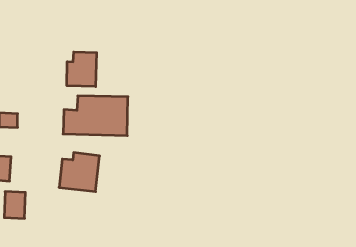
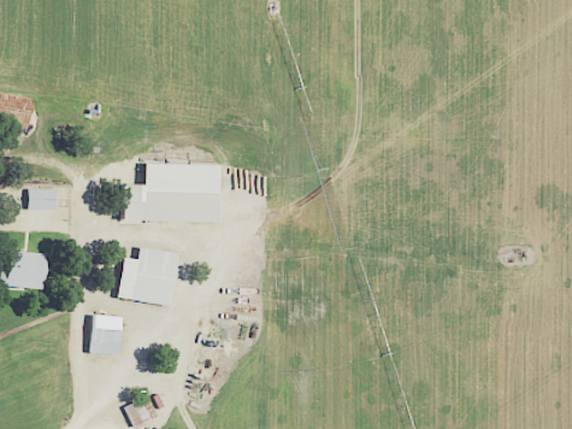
building: [67,52,97,87] -> none
building: [4,192,25,218] -> [90,315,122,354]

